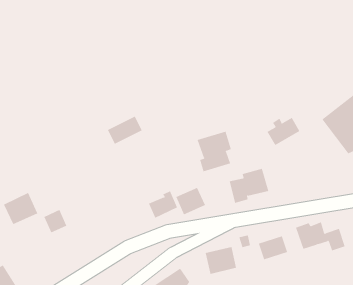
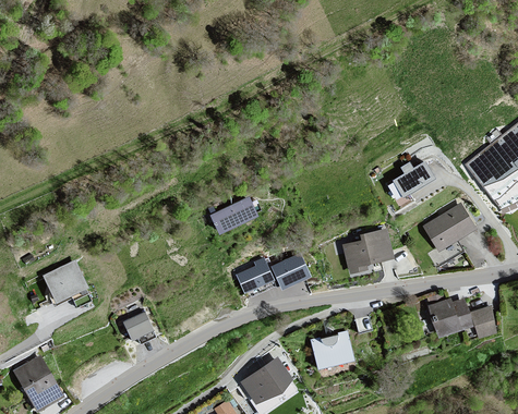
building: [107,116,143,145] -> [210,197,257,235]
building: [197,131,231,172] -> none
building: none -> [423,202,477,252]
building: [43,209,67,233] -> [122,310,154,342]
building: [258,235,288,260] -> none

